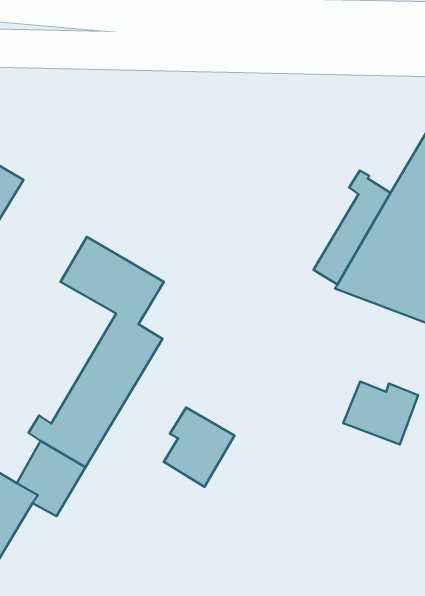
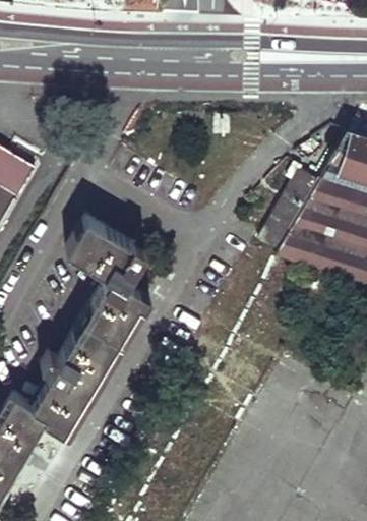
building: [343,382,418,445] -> none
building: [164,407,235,487] -> none

